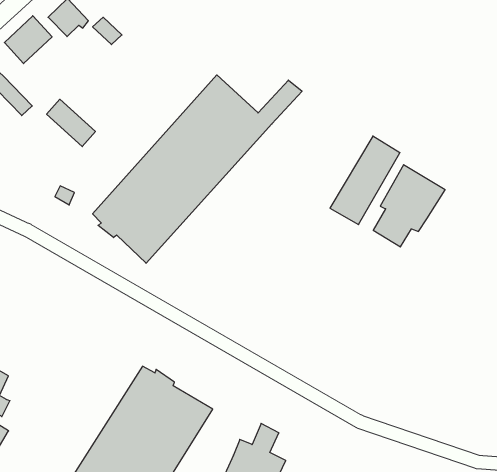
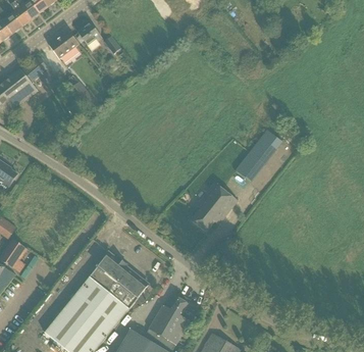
building: [93,75,302,263] -> none
building: [373,165,445,247] -> [191,182,238,232]

